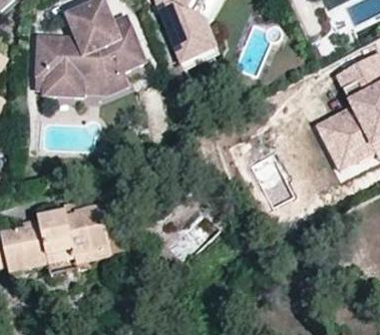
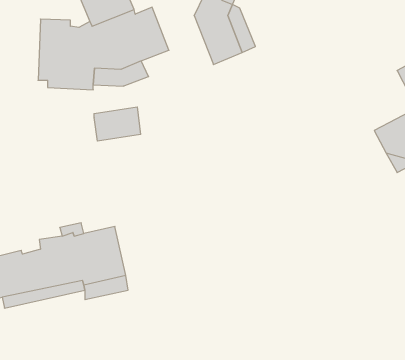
building: none -> [94,107,141,141]

